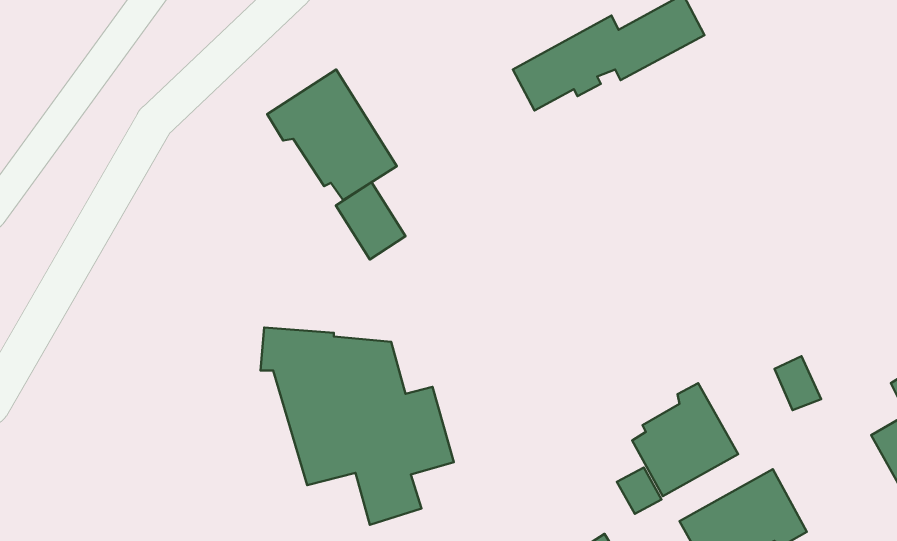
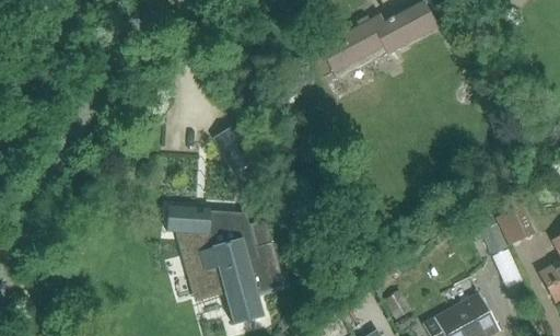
building: [267,69,397,200] -> none
building: none -> [495,204,535,244]
building: [632,383,738,496] -> none

